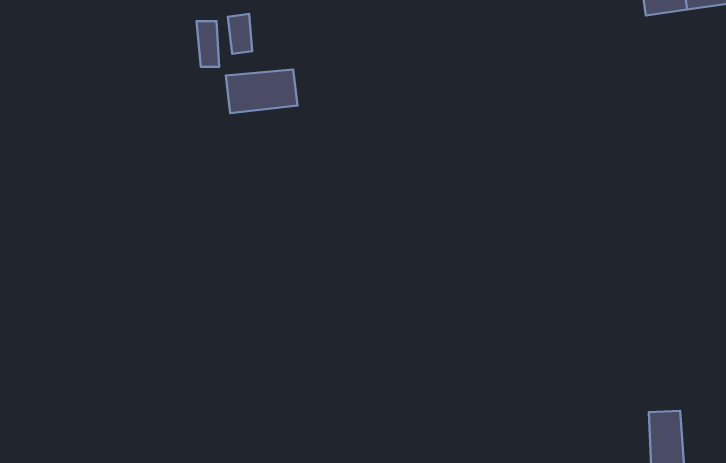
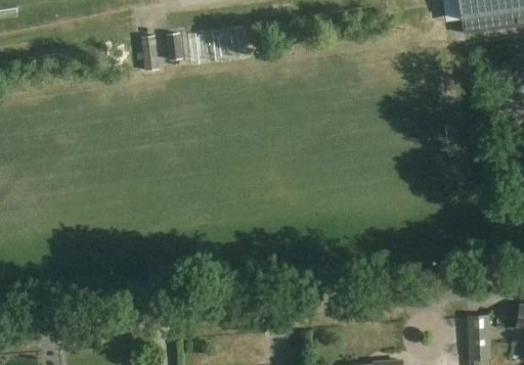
building: [226,69,297,113] -> none

